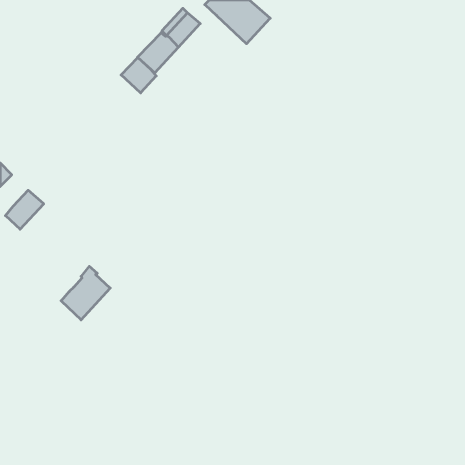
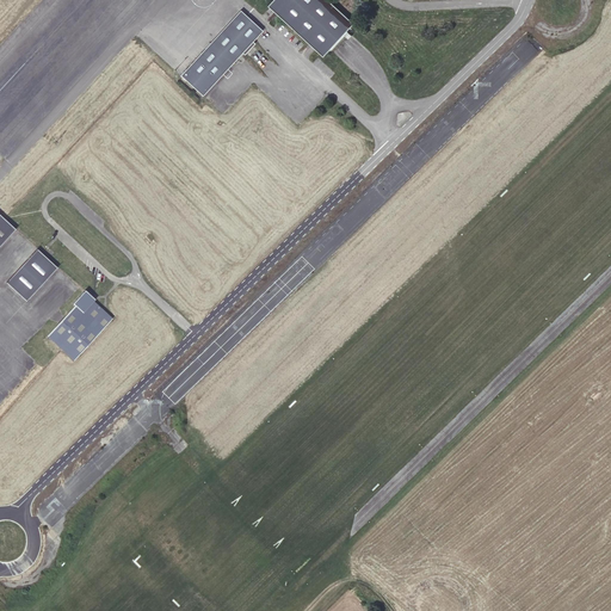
building: [121,58,156,93] -> none
building: [61,266,110,320] -> [48,290,112,360]

